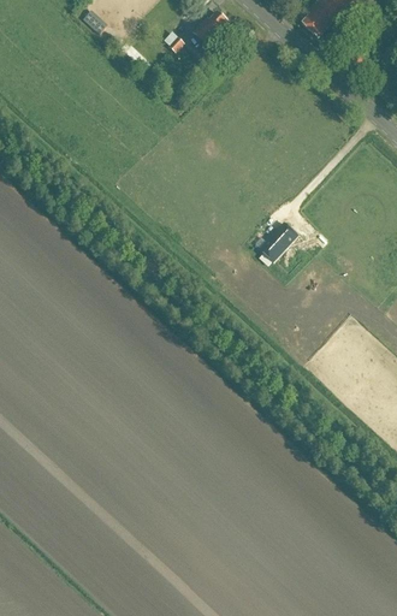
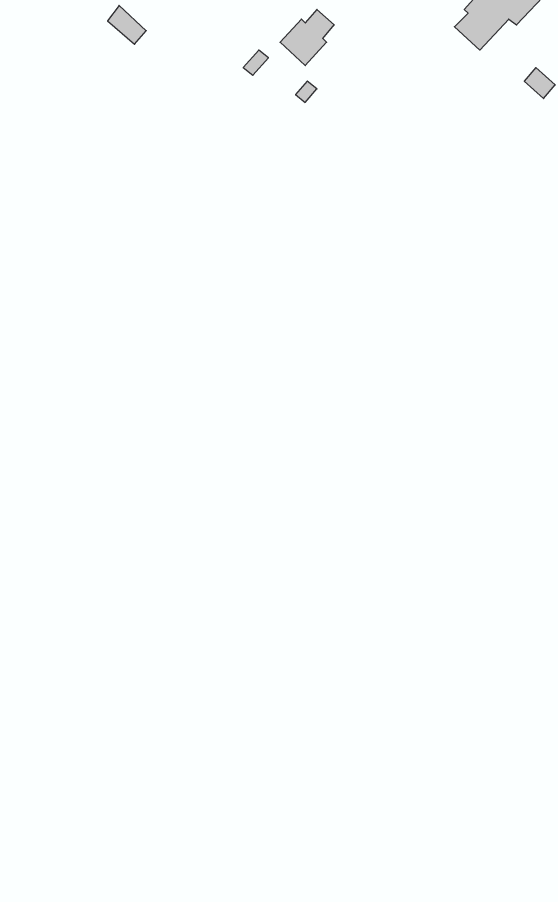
building: [257,221,298,262] -> none

